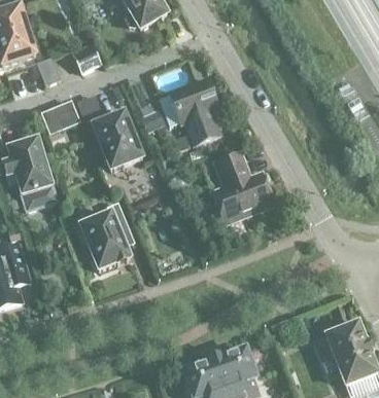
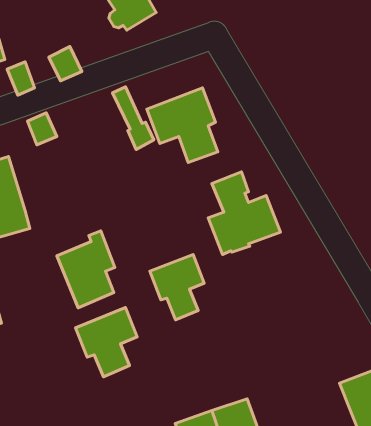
building: [77,96,142,169] -> none
building: none -> [150,255,204,320]
building: none -> [75,308,137,377]

